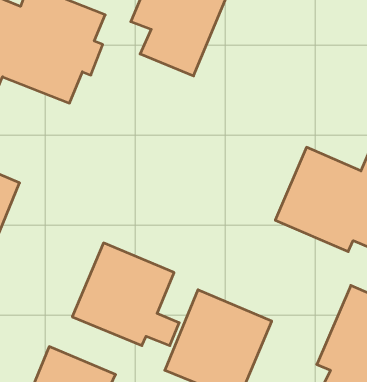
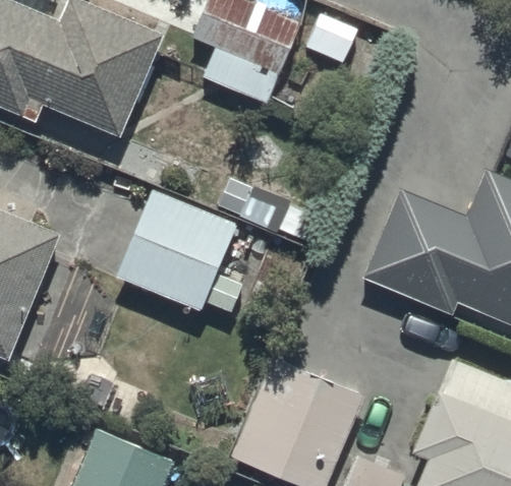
building: [72,243,179,346] -> [114,190,242,313]

